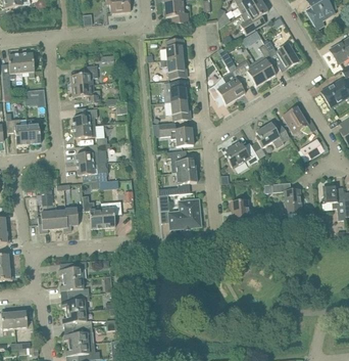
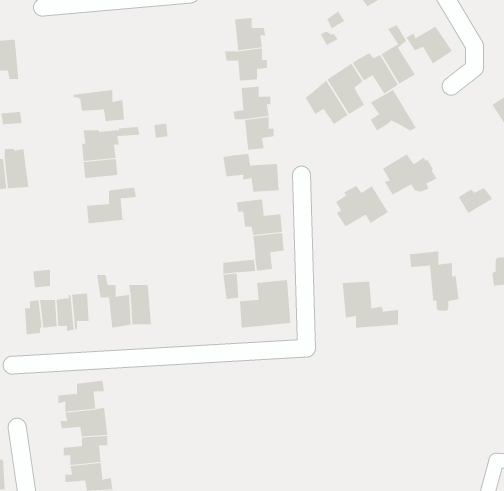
building: [67,64,98,86] -> none
building: [283,106,311,132] -> [370,89,417,131]
building: [77,162,107,182] -> none

